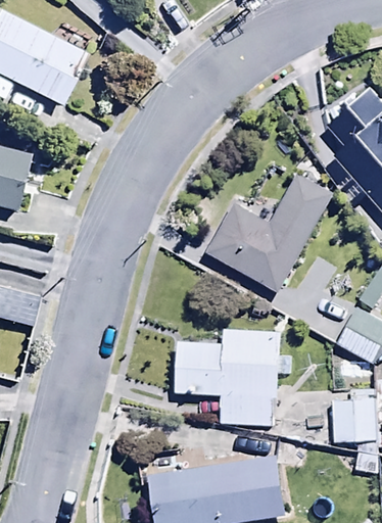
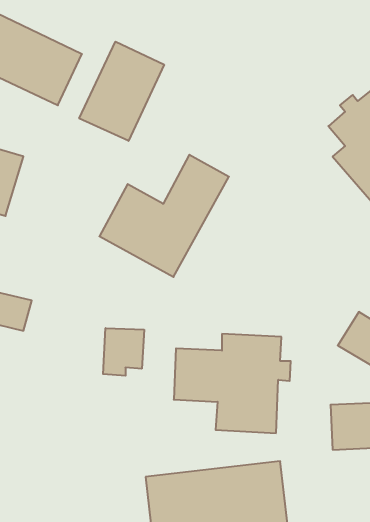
building: none -> [79,42,164,141]
building: [207,174,334,293] -> [99,155,229,277]
building: none -> [103,328,144,376]

